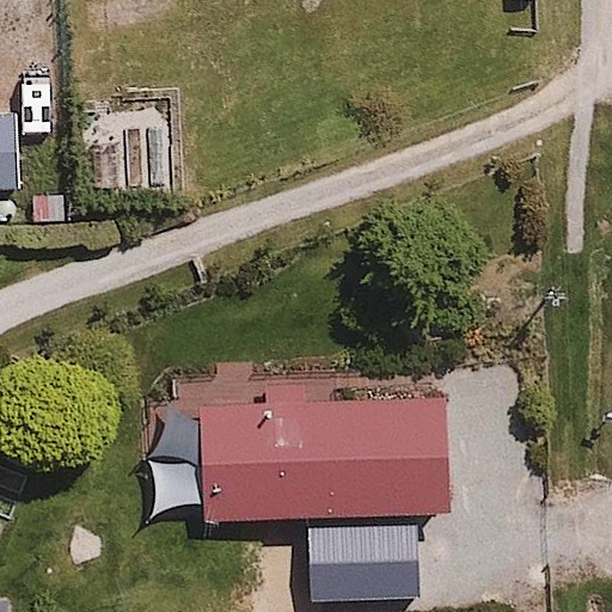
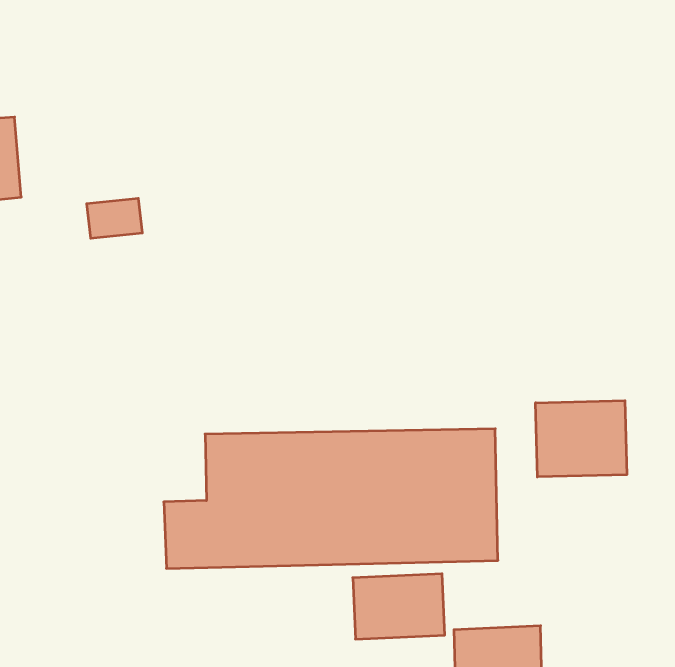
building: none -> [536,401,627,477]

